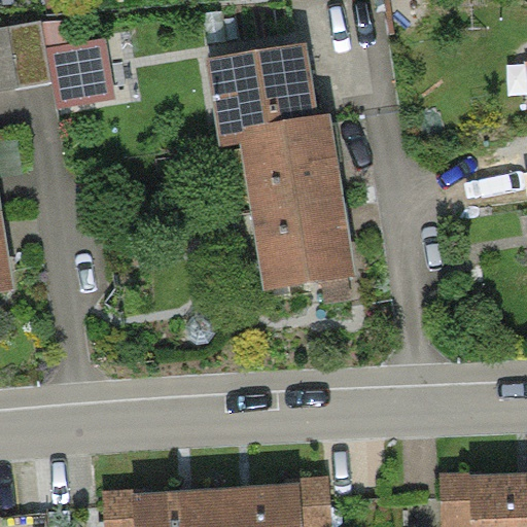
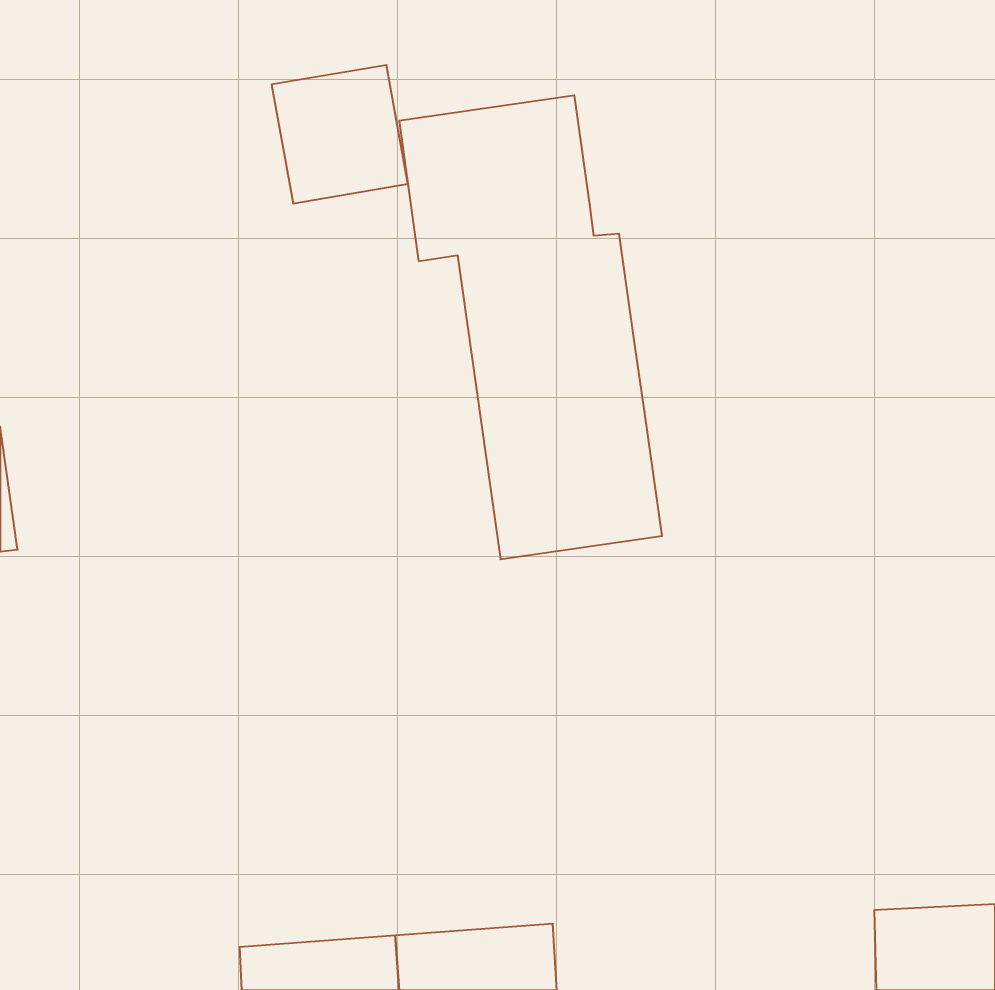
building: [51,24,124,97] -> [272,65,408,203]

